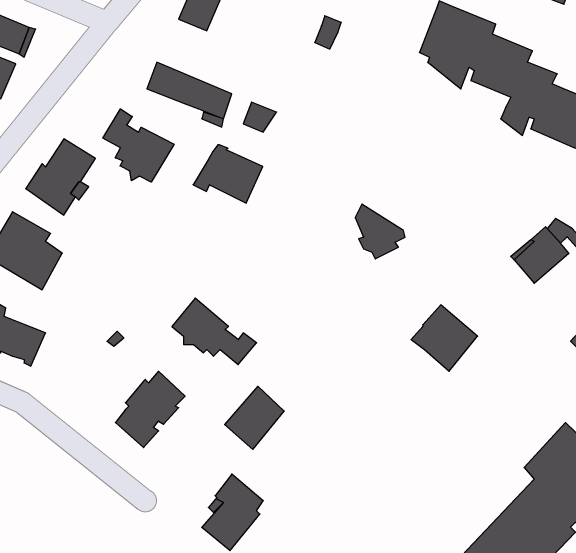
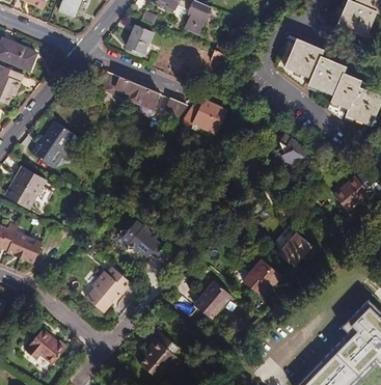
building: [103,109,174,182] -> none
building: [193,145,263,203] -> [182,98,225,134]
building: [355,204,405,259] -> [279,133,310,167]
building: none -> [242,257,280,295]
building: [225,386,284,449] -> [193,279,230,319]
building: none -> [24,328,66,363]

